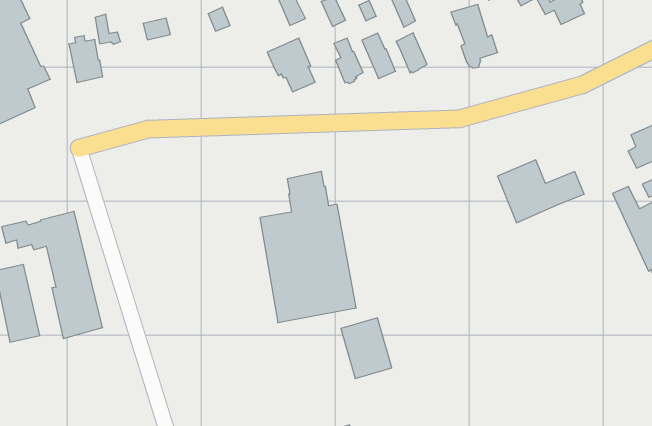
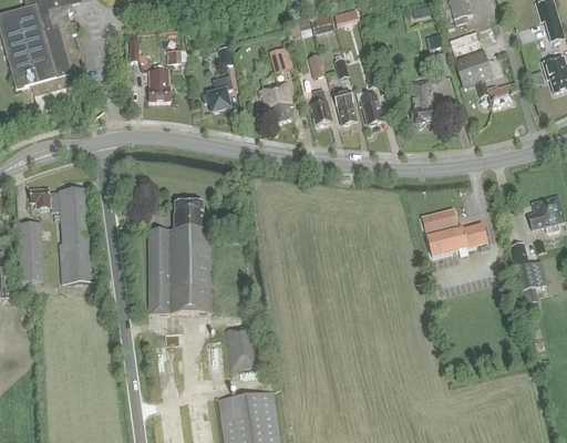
building: [69,36,103,83] -> [147,65,169,101]
building: none -> [202,75,231,112]
building: [260,171,356,323] -> [147,200,210,312]
building: [341,318,392,379] -> [224,324,258,369]

